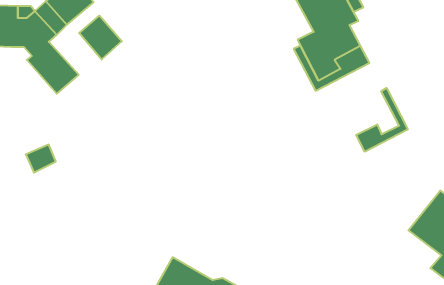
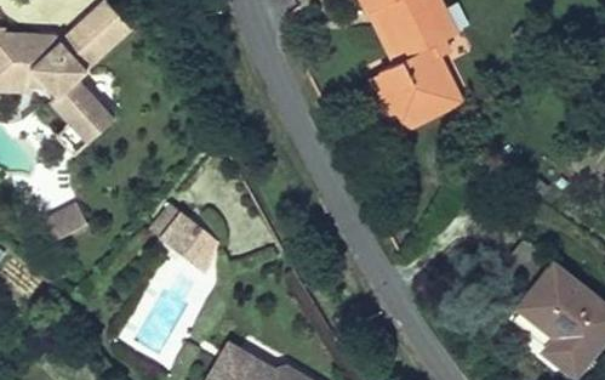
building: [79,16,122,60] -> none
building: [356,88,408,152] -> none
building: none -> [144,200,219,273]

